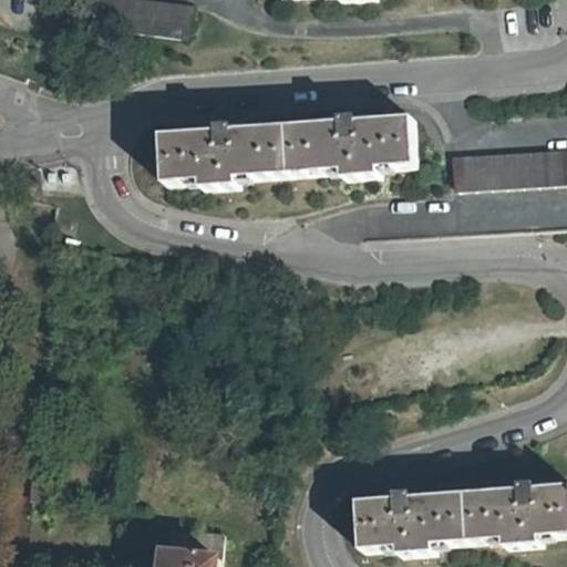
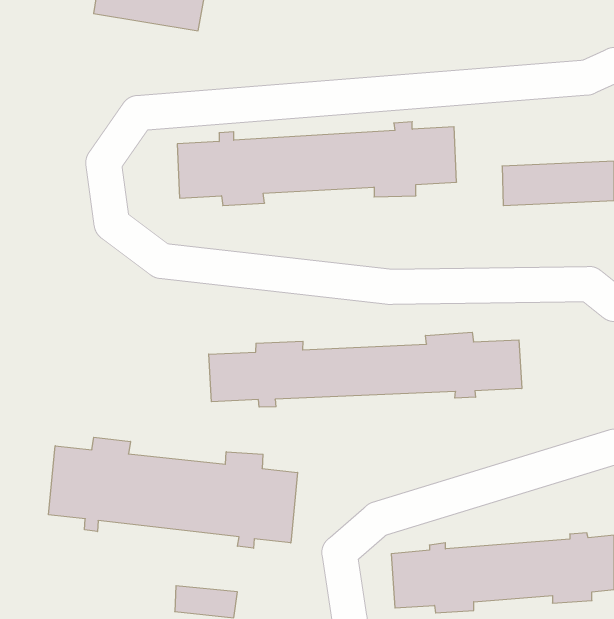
building: none -> [209,332,522,407]
building: none -> [49,437,298,548]

